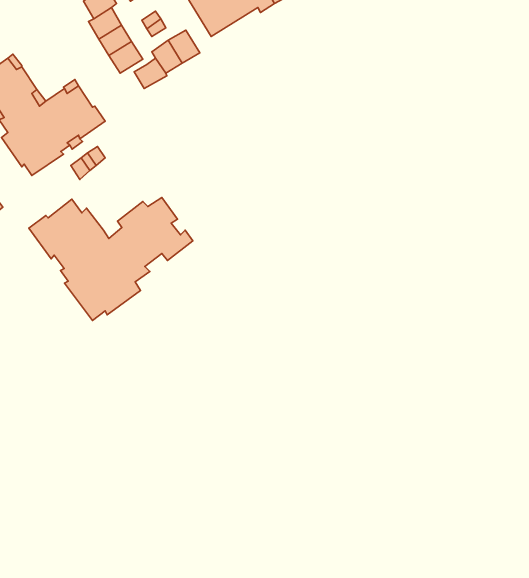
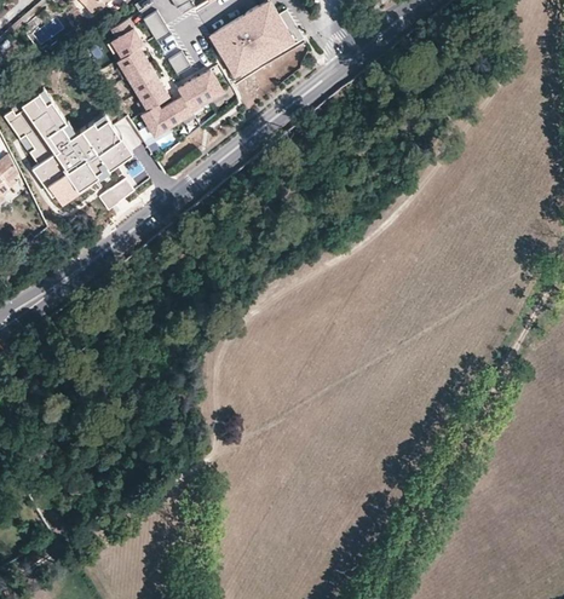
building: none -> [142,97,173,136]
building: [29,197,193,321] -> none

